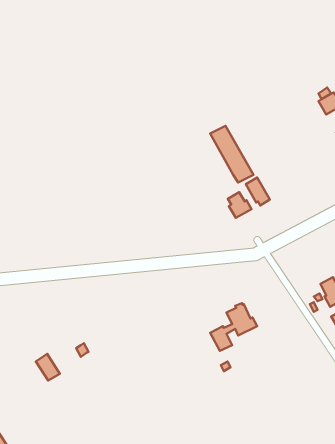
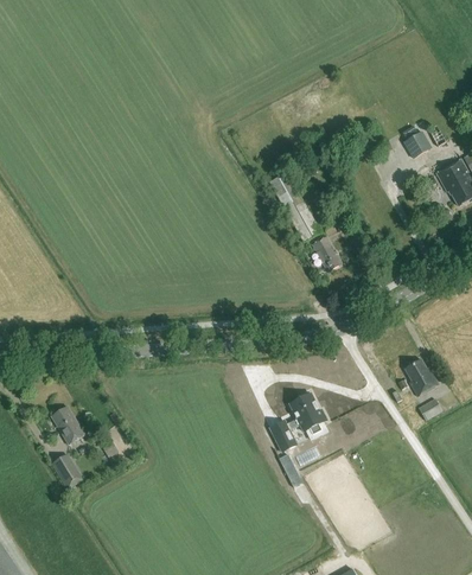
building: [228,192,251,218] -> none
building: none -> [51,405,84,445]

